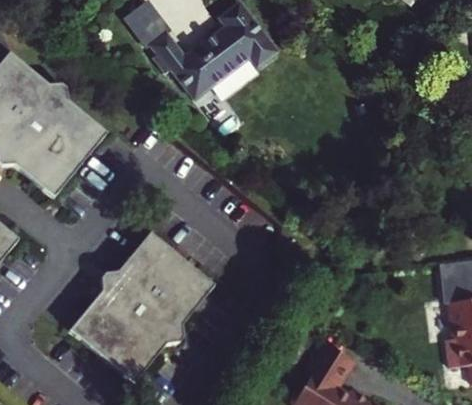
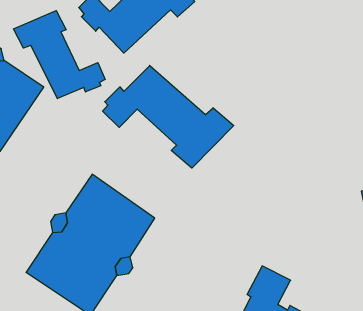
building: none -> [13,11,105,99]
building: none -> [103,65,234,168]

